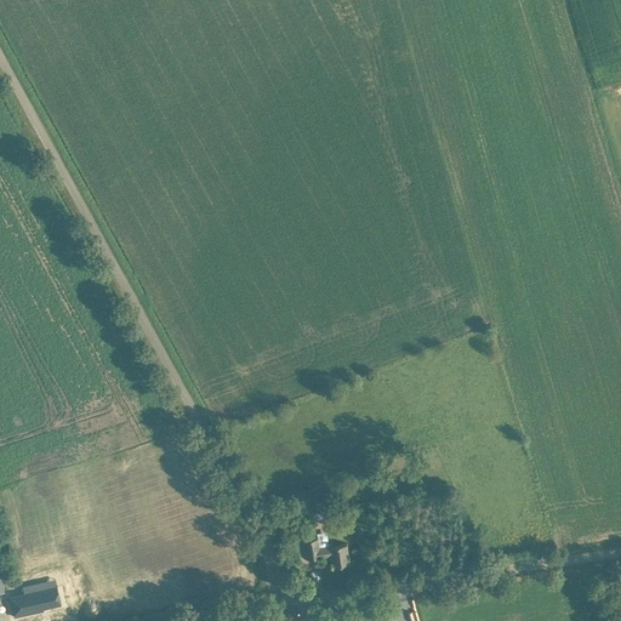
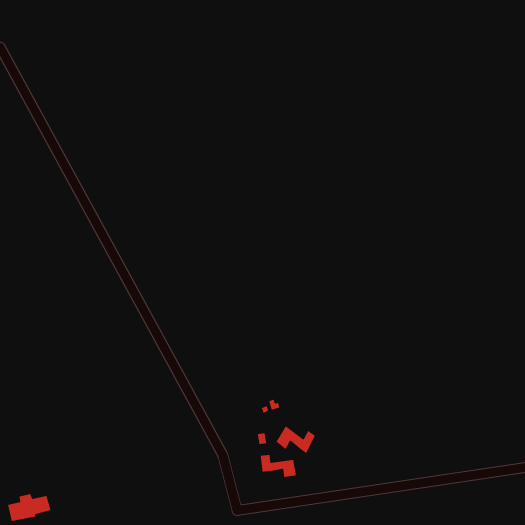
building: none -> [276,425,316,454]

